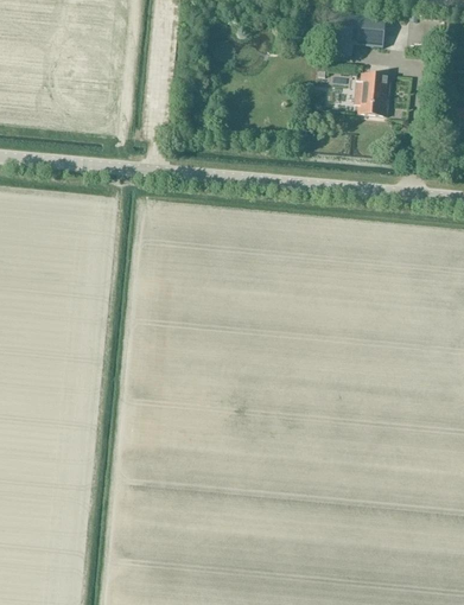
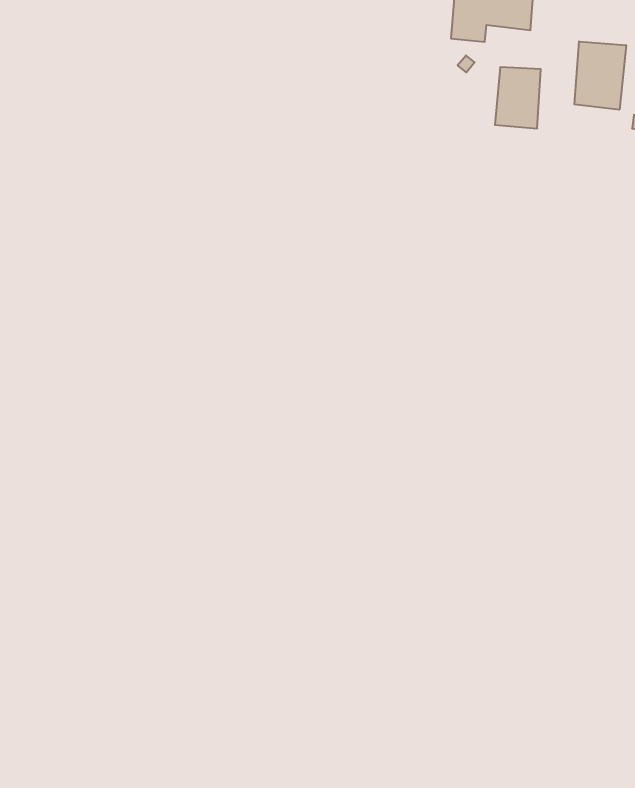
building: none -> [574,41,626,110]

